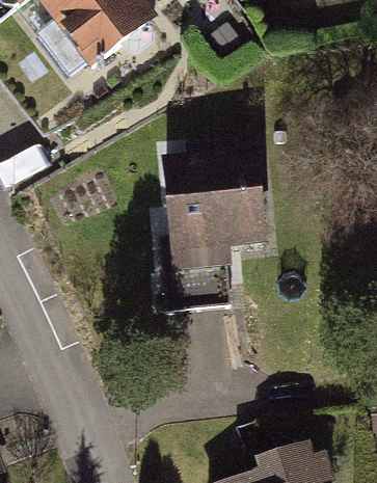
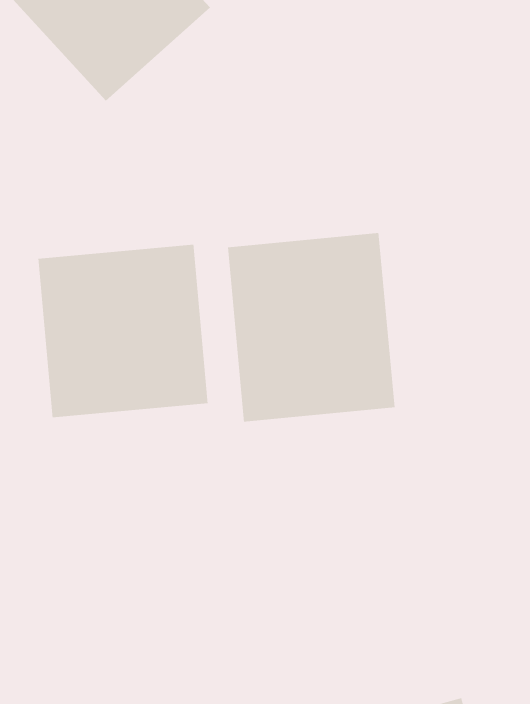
building: none -> [38,244,208,418]

